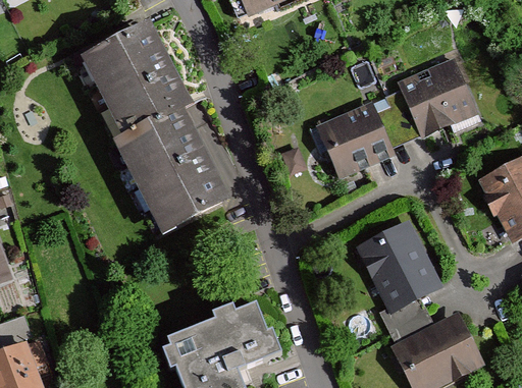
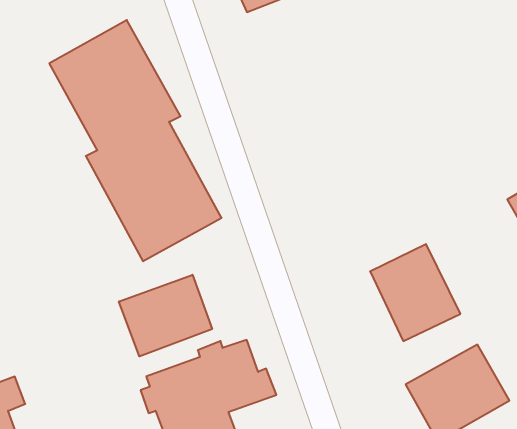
building: [399,56,481,137] -> none
building: [319,102,397,179] -> none
building: none -> [119,275,212,356]

